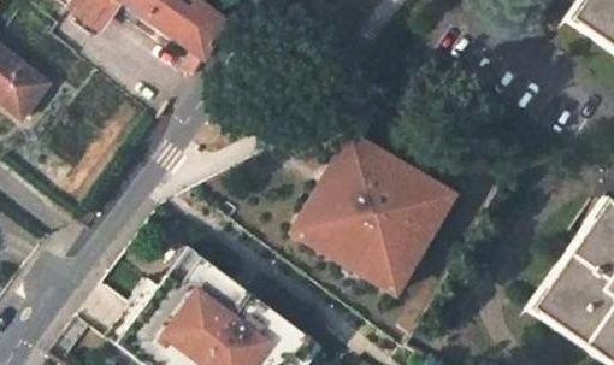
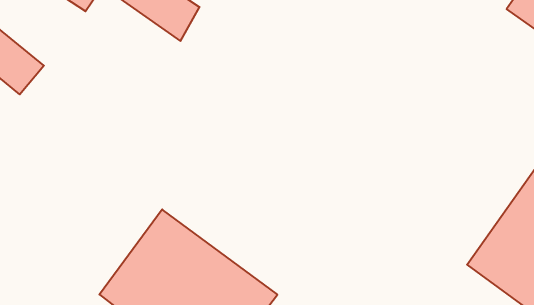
building: [290,133,453,293] -> none

